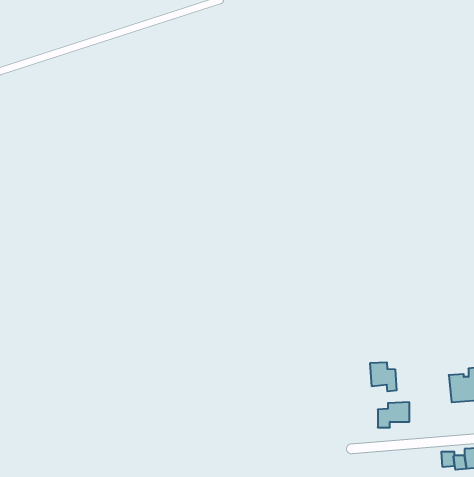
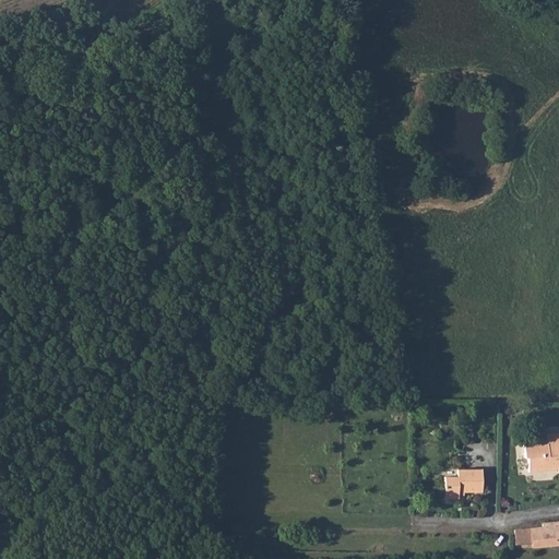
building: [370,362,397,391] -> none

